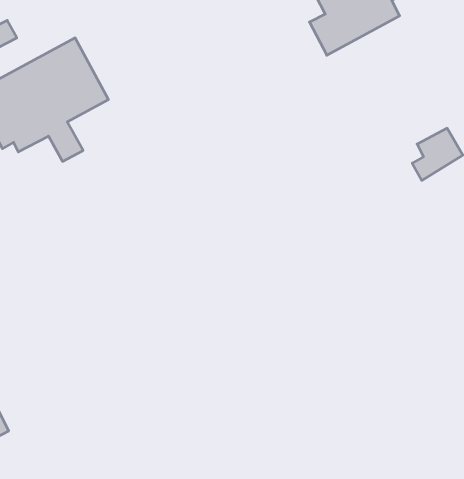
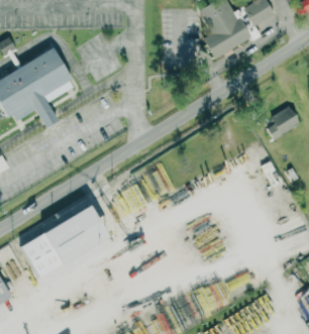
building: none -> [19,207,106,276]

